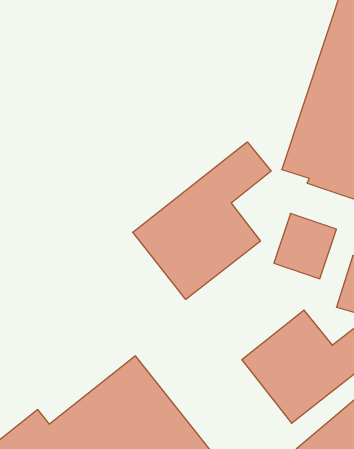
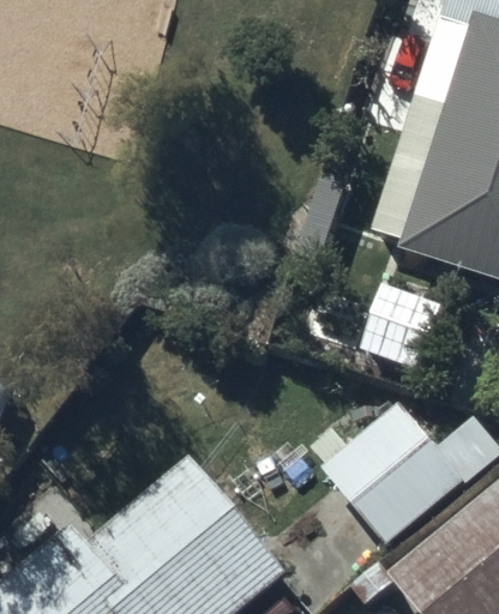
building: [133,142,271,299] -> none

